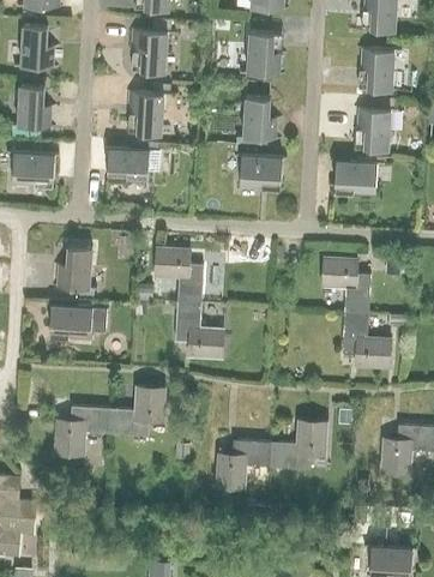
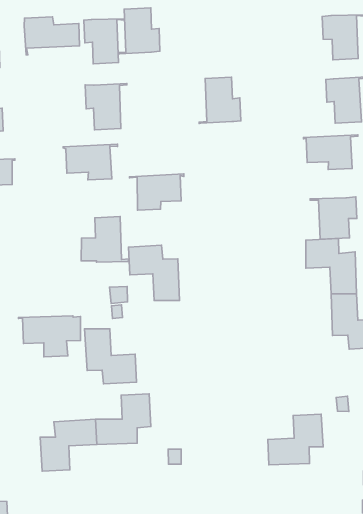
building: none -> [24,17,80,55]
building: [240,31,279,74] -> [119,8,160,54]
building: [234,155,285,188] -> [129,174,184,210]
building: none -> [310,197,357,239]
building: [50,246,96,290] -> [81,217,129,262]
building: [175,301,222,356] -> [84,329,136,384]
building: [216,440,271,488] -> none

